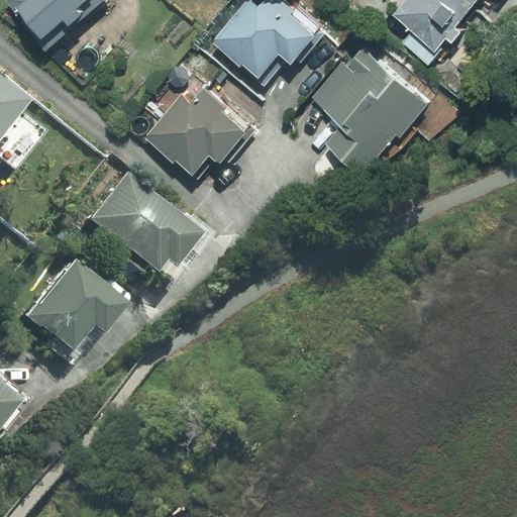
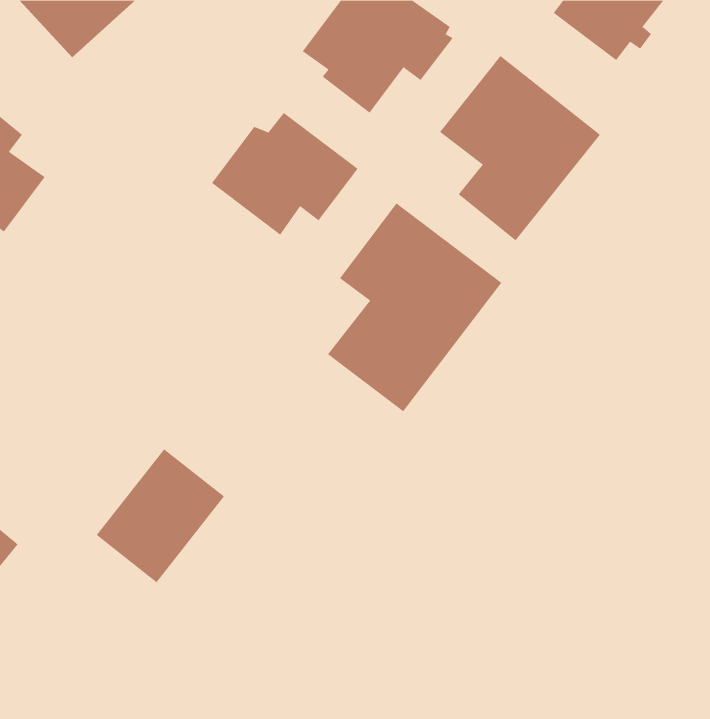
building: none -> [327,203,502,412]
building: [82,173,183,270] -> none
building: [14,255,106,351] -> [96,448,225,583]

